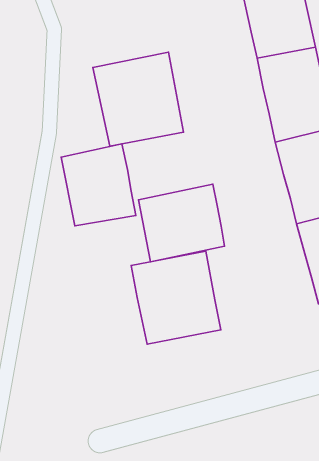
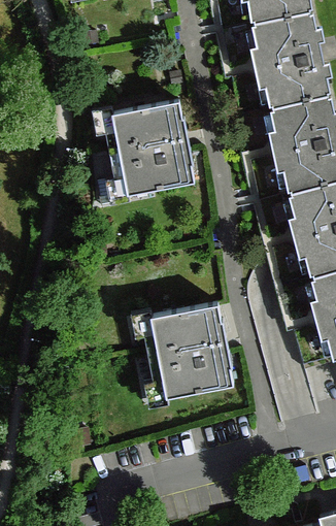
building: [61,144,136,226] -> none
building: [139,184,225,262] -> none

